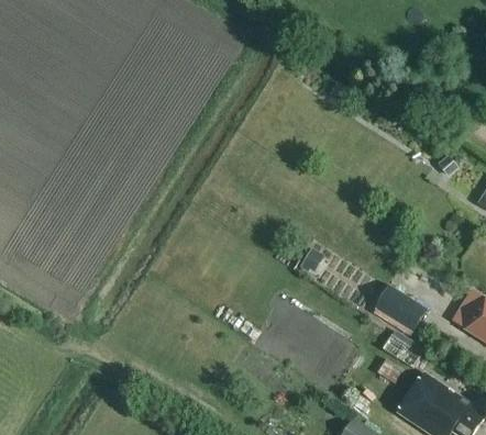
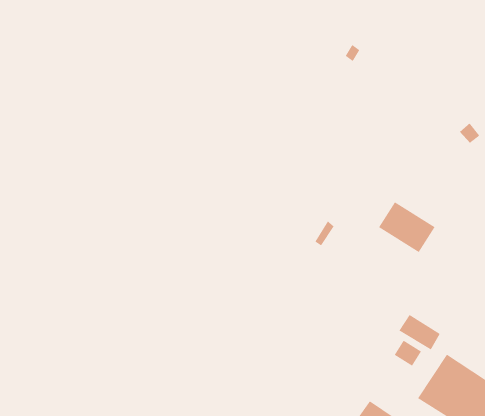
building: [372,285,426,333] -> [378,202,436,253]

